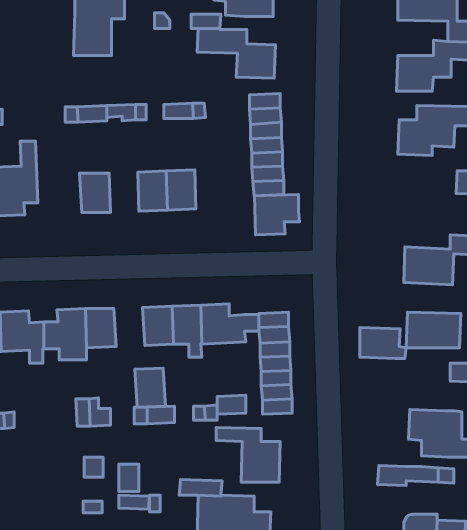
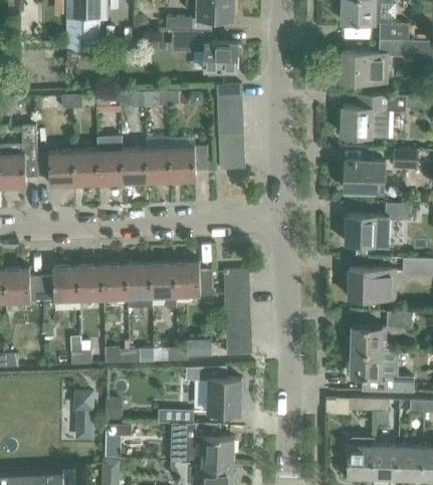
building: none -> [95,137,122,185]
building: none -> [35,152,73,186]
building: none -> [344,160,385,192]
building: [254,195,300,235] -> [169,148,207,182]
building: [360,328,406,358] -> [351,326,390,352]
building: [135,368,166,407] -> [100,265,127,298]

